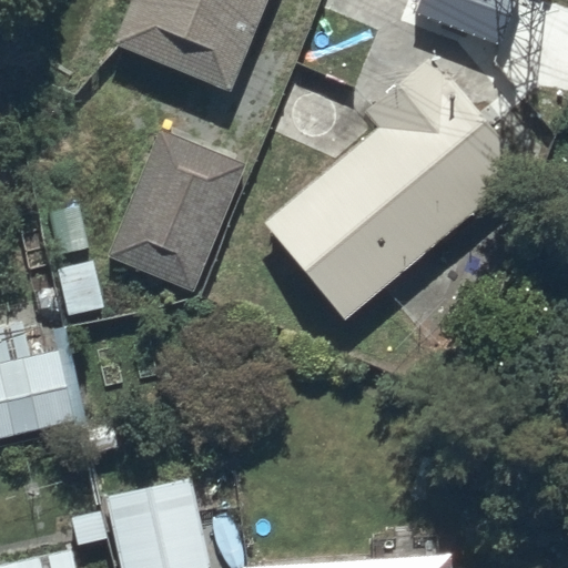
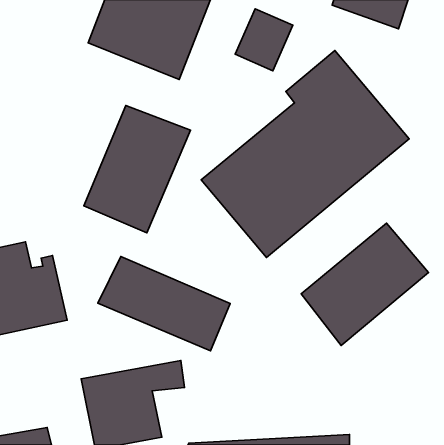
building: none -> [301,223,428,346]
building: none -> [98,257,230,351]

